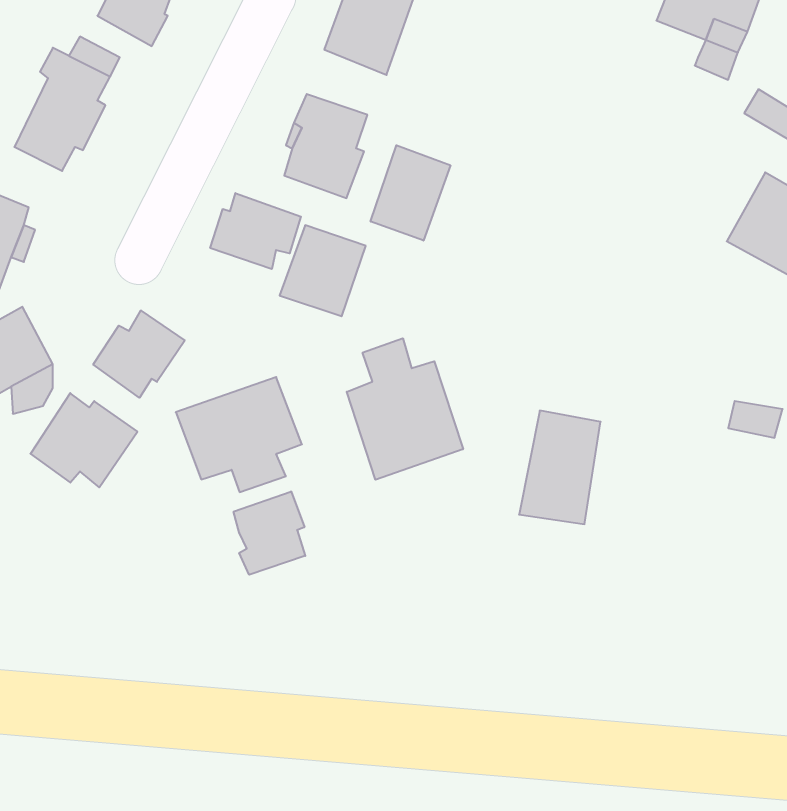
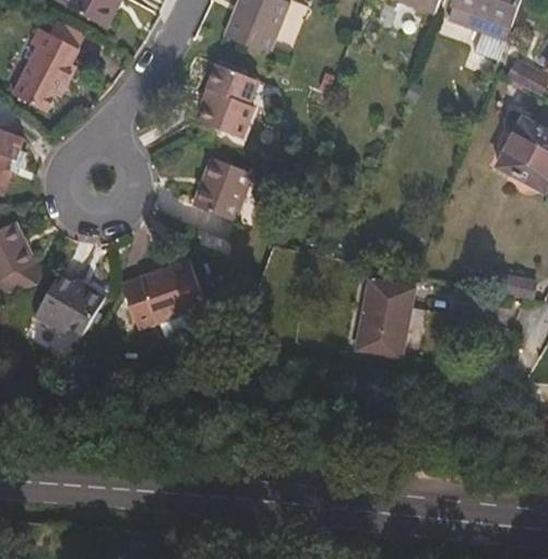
building: [371,145,450,241] -> none
building: [210,193,301,269] -> none
building: [93,310,185,398] -> none
building: [347,338,463,480] -> none
building: [234,491,305,575] -> none

